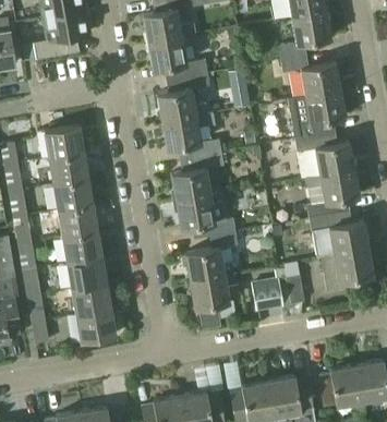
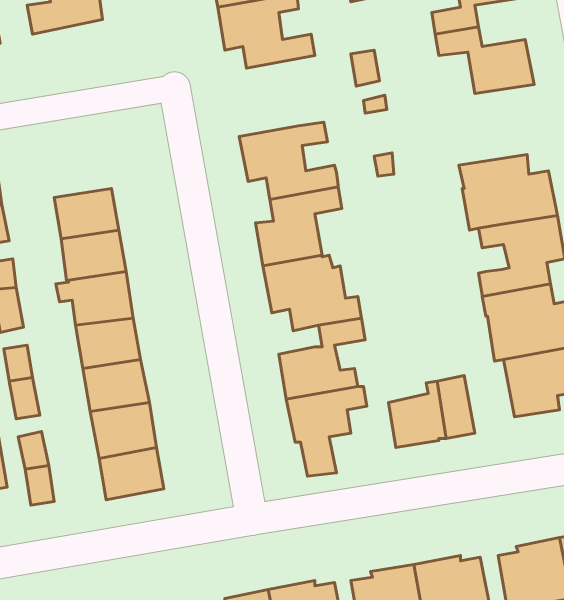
building: [157,73,210,121] -> none
building: [288,91,344,140] -> none
building: [44,125,84,159] -> none

